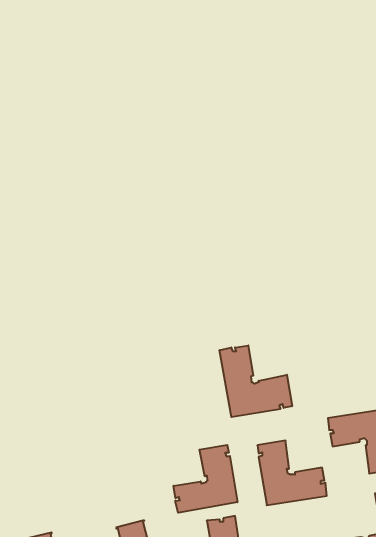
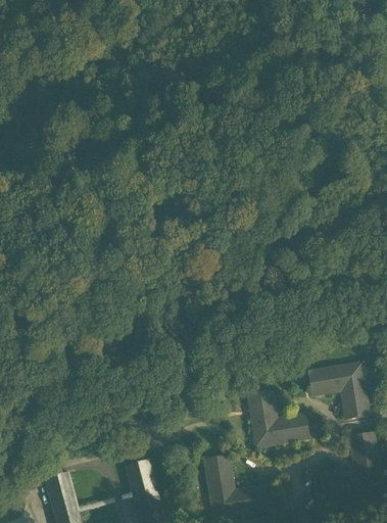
building: [220,345,292,417] -> none
building: [174,445,237,513] -> none

